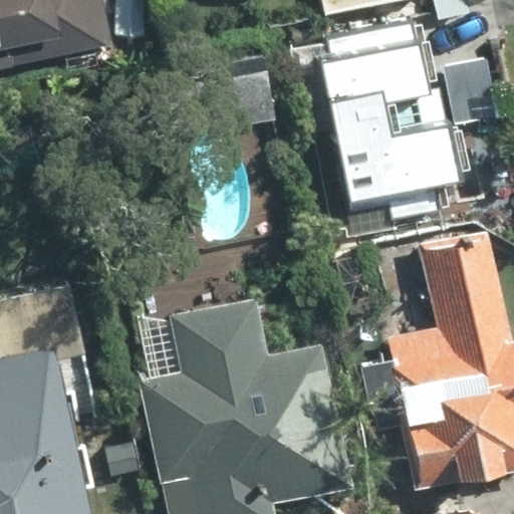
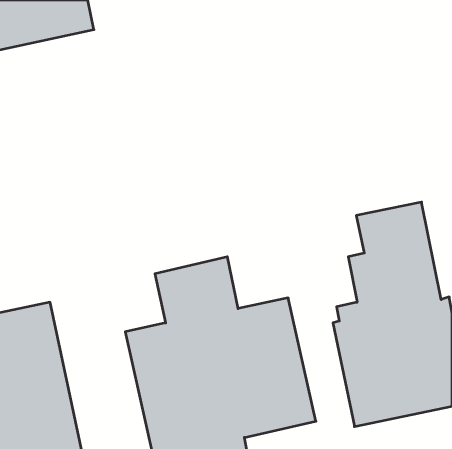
building: [322,25,469,221] -> none

